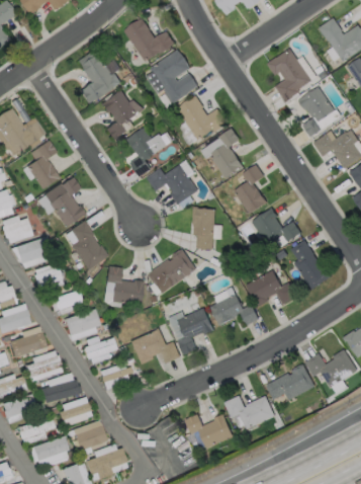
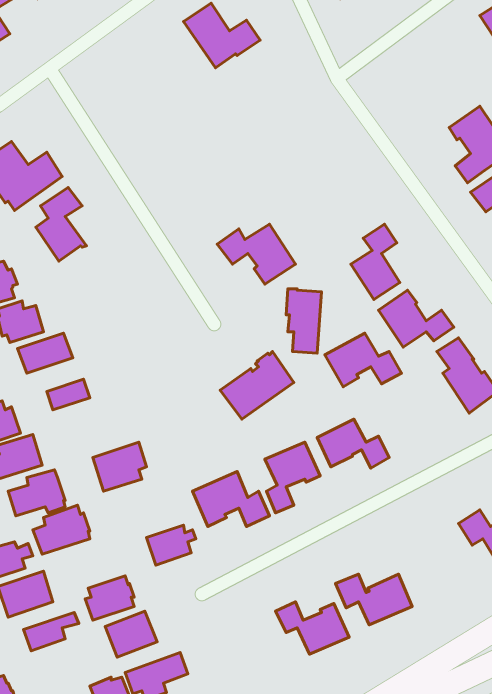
building: [266,49,311,102] -> none
building: [150,50,197,104] -> none
building: [77,52,120,104] -> none
building: [100,90,144,140] -> none
building: [176,96,227,140] -> none
building: [126,128,167,177] -> none
building: [208,129,242,177] -> none
building: [43,177,84,227] -> none
building: [70,221,107,269] -> none
building: [106,266,144,306] -> none
building: [246,271,296,307] -> [325,333,402,387]
building: [50,290,82,315] -> none
building: [83,336,116,365] -> none
building: [265,365,314,400] -> none
building: [40,373,81,404] -> none
building: [32,436,68,461] -> none

